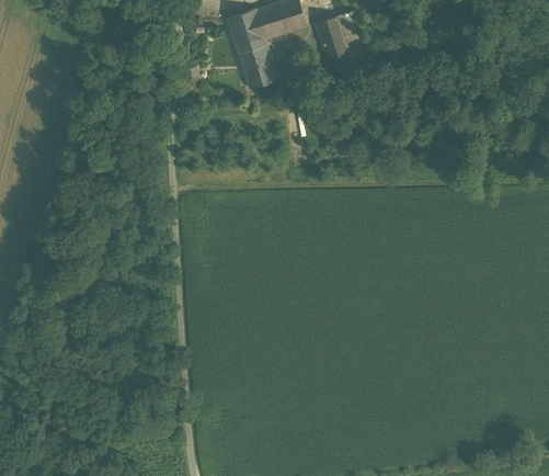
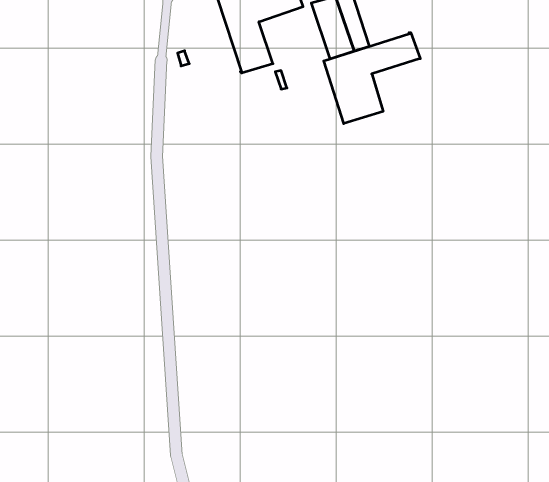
building: none -> [324,33,420,124]

